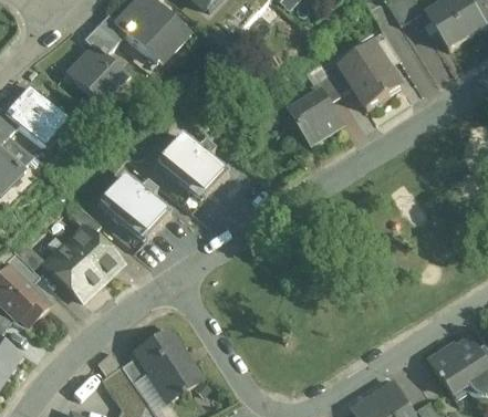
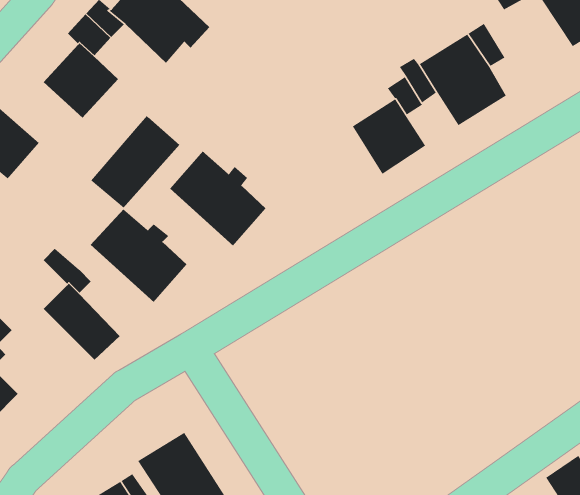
building: none -> [90,115,180,208]
building: [44,241,103,300] -> none

